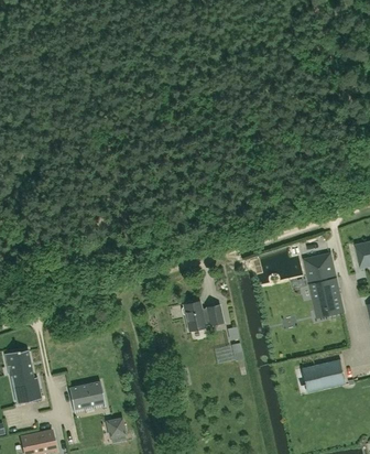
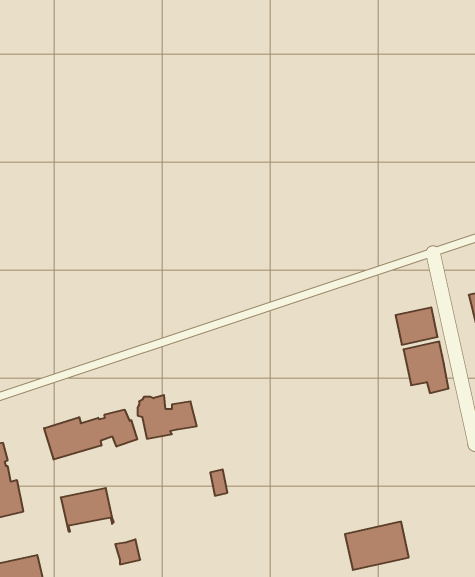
building: [181,301,222,332] -> [138,395,197,439]
building: none -> [44,410,137,460]
building: [300,359,345,393] -> [345,522,409,570]

